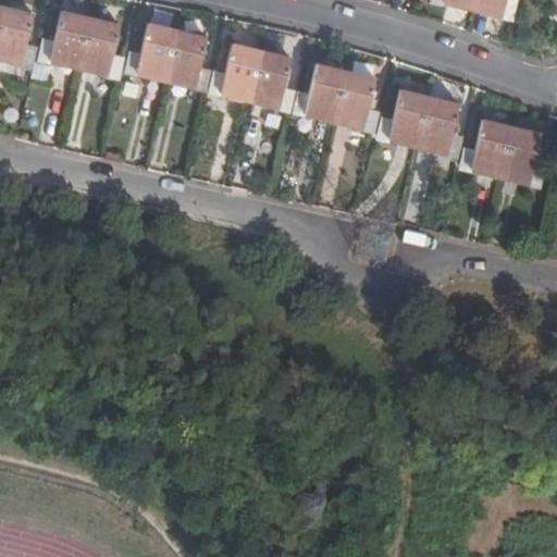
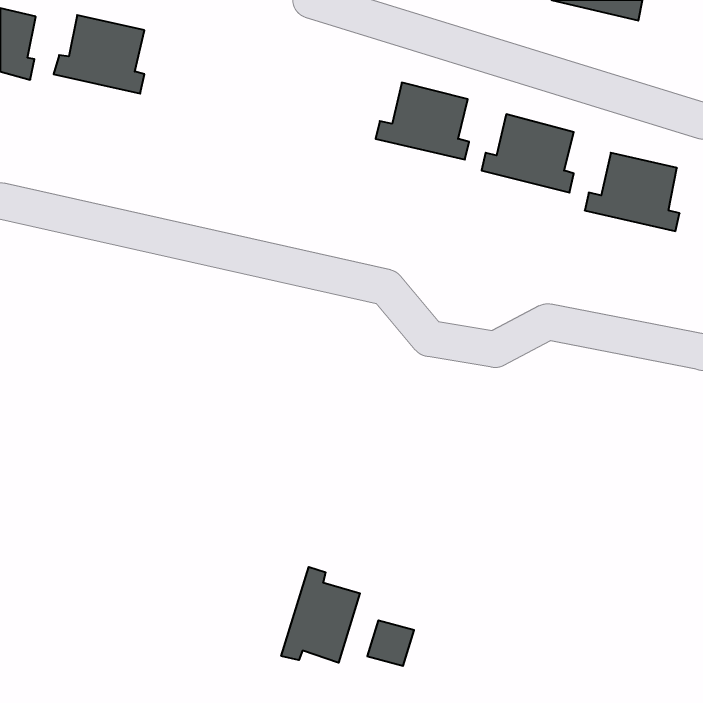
building: [128,25,201,86] -> none
building: [213,45,287,107] -> none
building: none -> [281,567,360,663]

